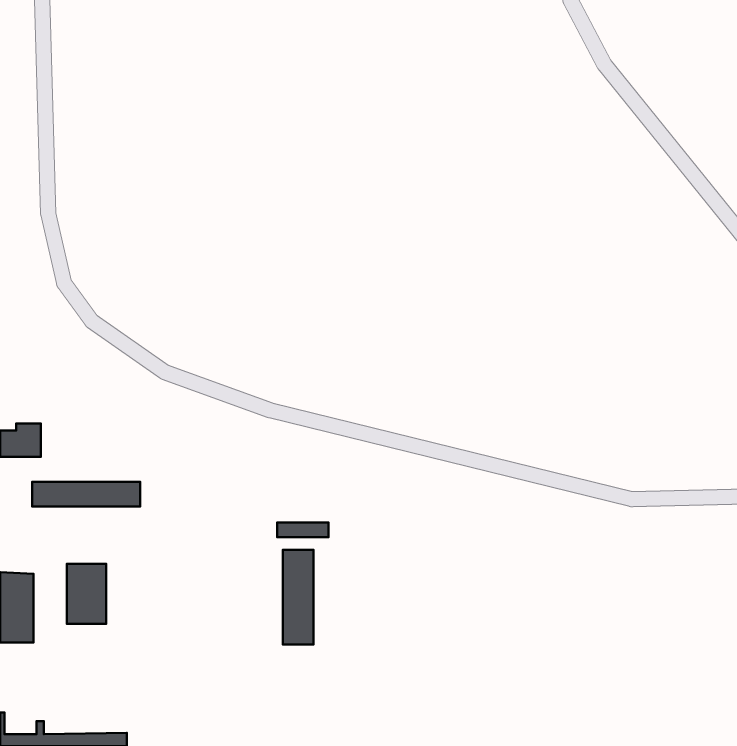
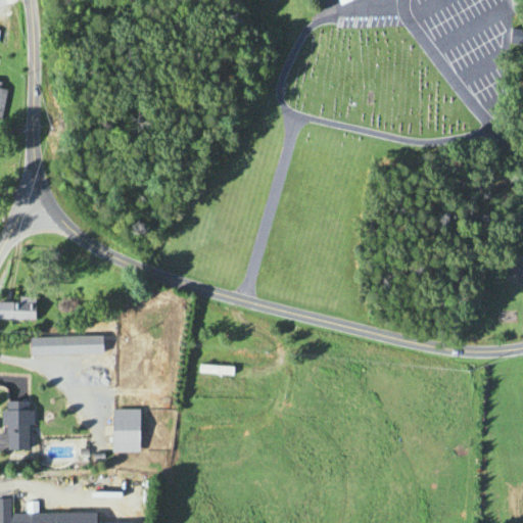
building: [283,550,313,645] -> none
building: [67,564,106,624] -> [113,410,141,451]

